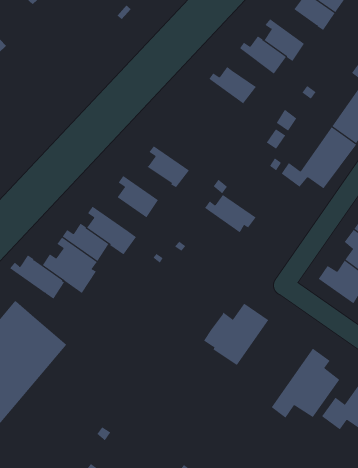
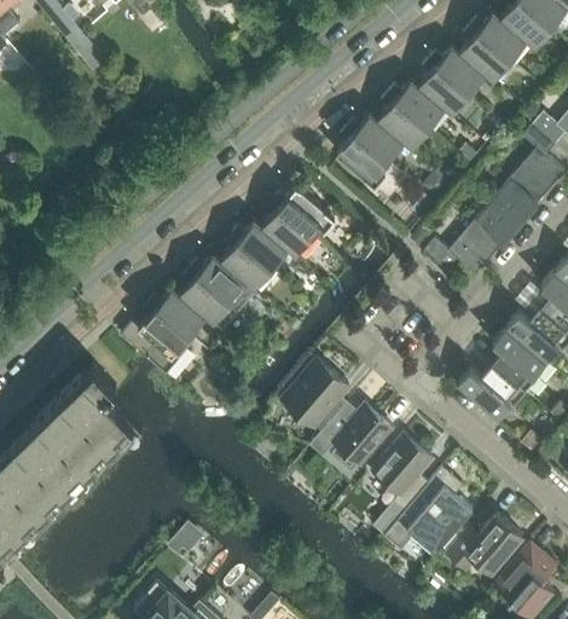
building: none -> [430,44,487,93]
building: none -> [378,91,429,146]
building: none -> [337,125,388,185]
building: none -> [232,218,290,267]
building: [204,194,256,233] -> [273,185,336,235]
building: [9,255,65,300] -> [191,251,257,310]
building: none -> [284,359,349,430]
building: none -> [373,433,434,533]

